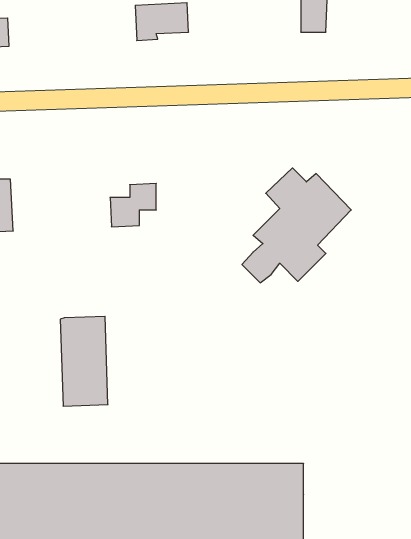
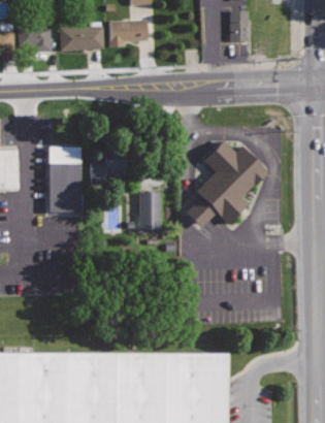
building: none -> [17,23,52,54]
building: none -> [59,27,104,52]
building: none -> [138,194,160,231]
building: [60,316,108,406] -> [48,144,84,210]

